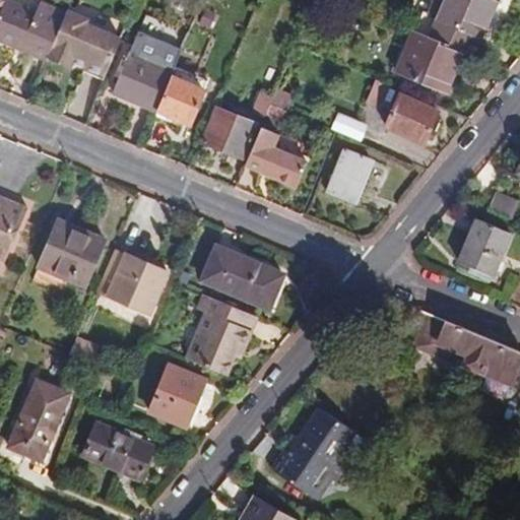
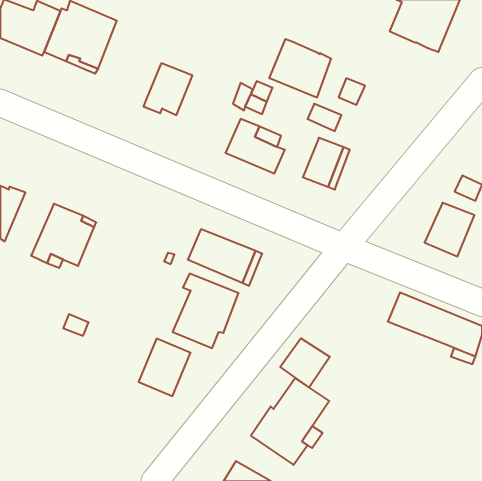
building: [113,30,182,110] -> none
building: [394,30,461,93] -> [269,39,331,98]
building: [385,93,438,143] -> none
building: [202,108,257,159] -> none
building: [95,250,167,313] -> none
building: none -> [280,338,330,387]
building: [8,381,68,459] -> none
building: [83,424,152,478] -> none

